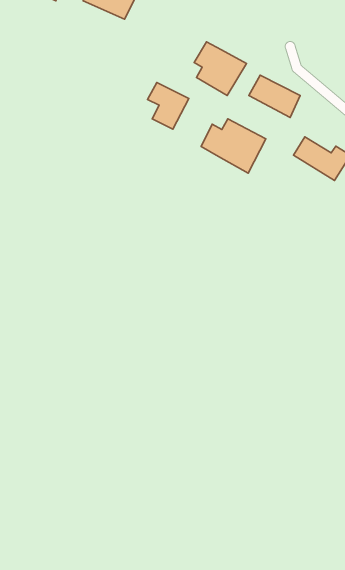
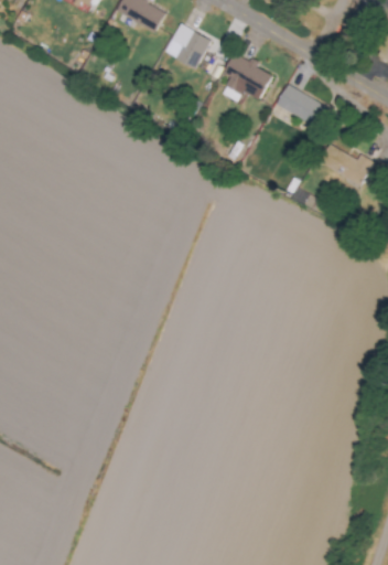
building: [148,82,189,129] -> [171,23,211,68]
building: [201,119,266,173] -> none

